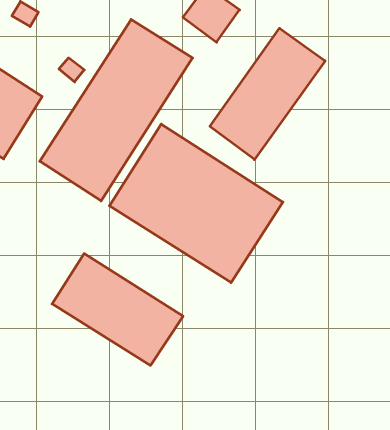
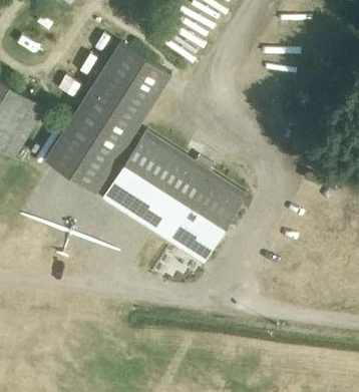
building: [210,28,325,160] -> none
building: [52,254,183,365] -> none

